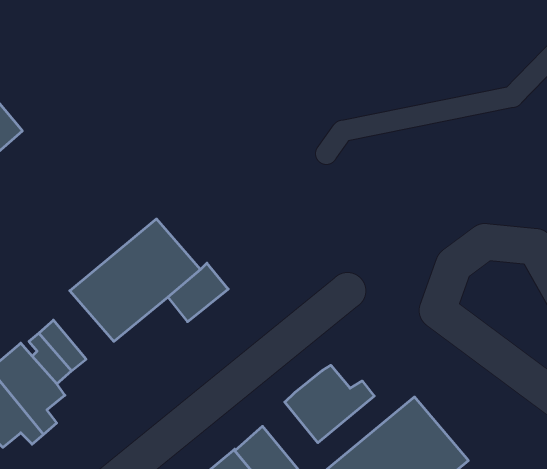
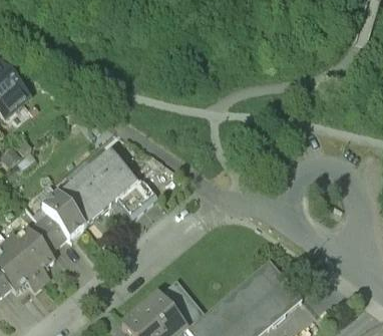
building: none -> [42,194,84,239]
building: [285,365,374,443] -> none

